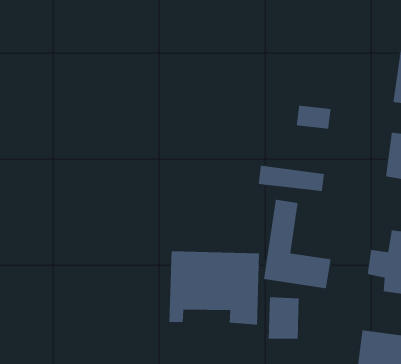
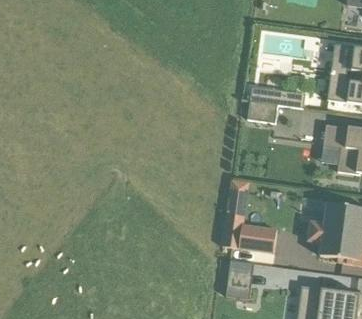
building: [258,165,325,192] -> [249,85,304,107]
building: [169,250,260,325] -> none

